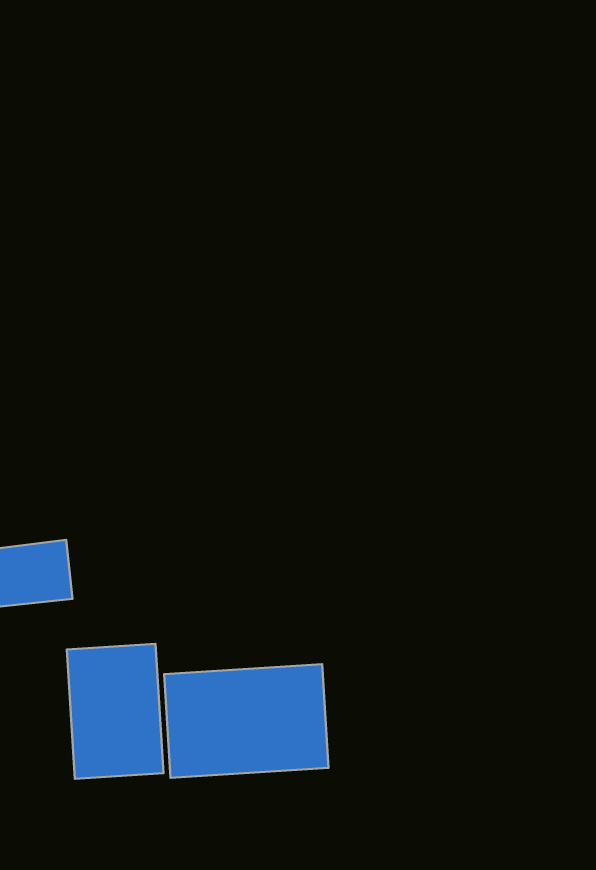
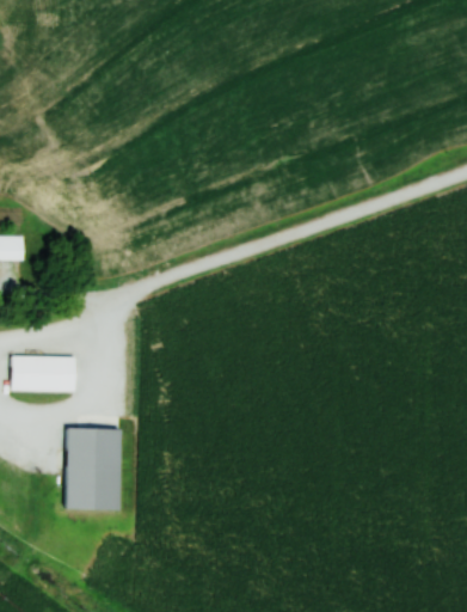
building: [164,664,329,778] -> none

